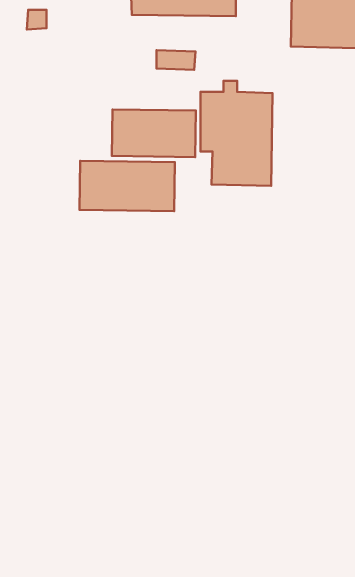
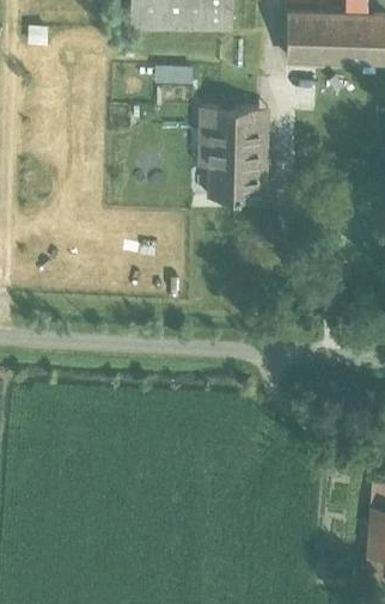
building: [112,110,196,157] -> none
building: [79,161,175,211] -> none

